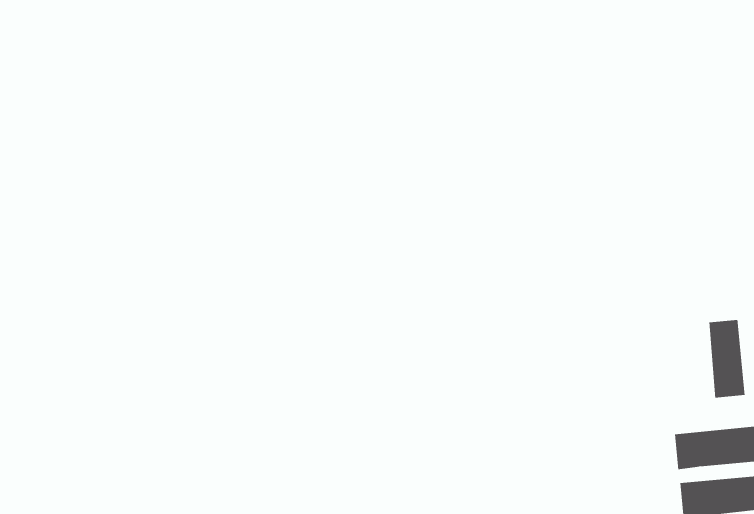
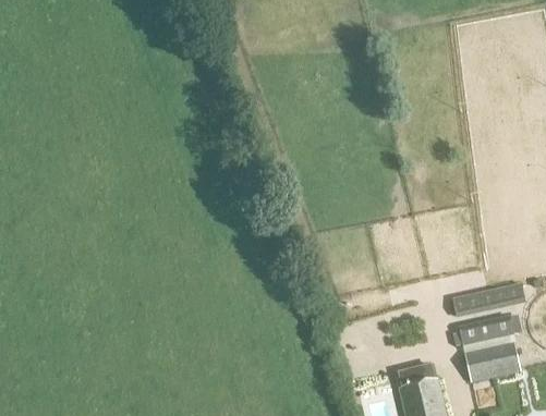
building: [709,319,745,399] -> none

